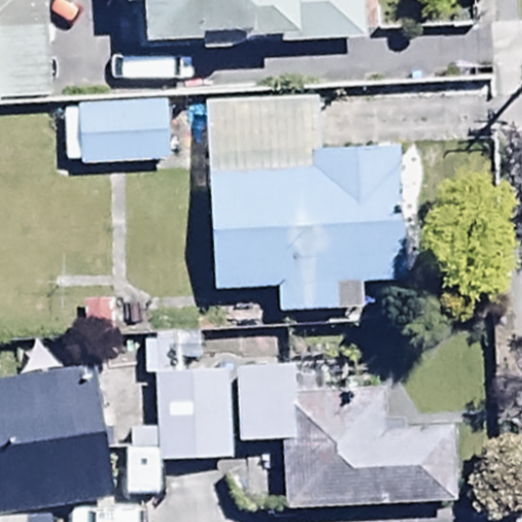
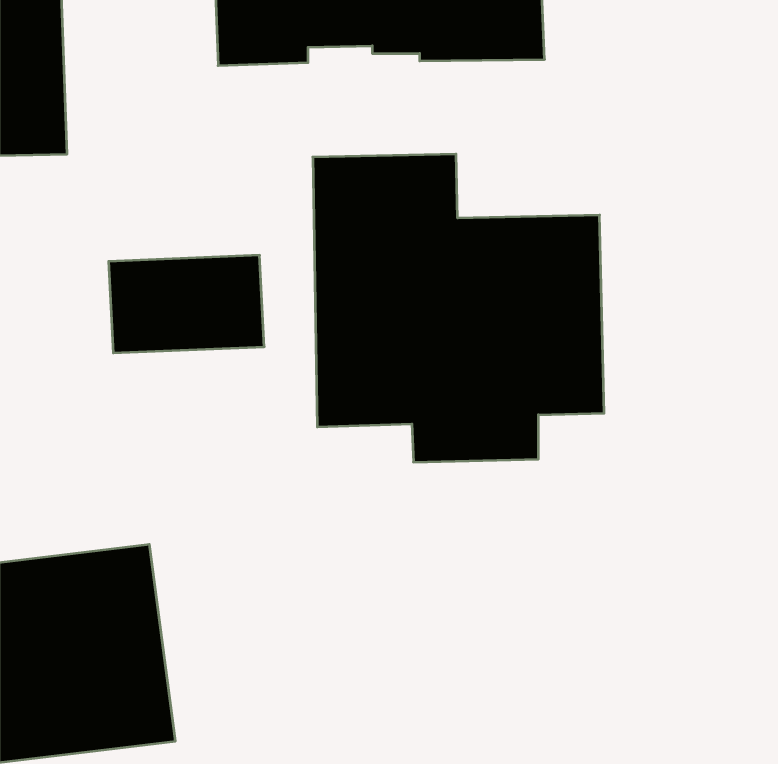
building: [62,99,166,164] -> [109,255,264,353]
building: [238,364,456,505] -> none
building: [153,366,228,457] -> none

